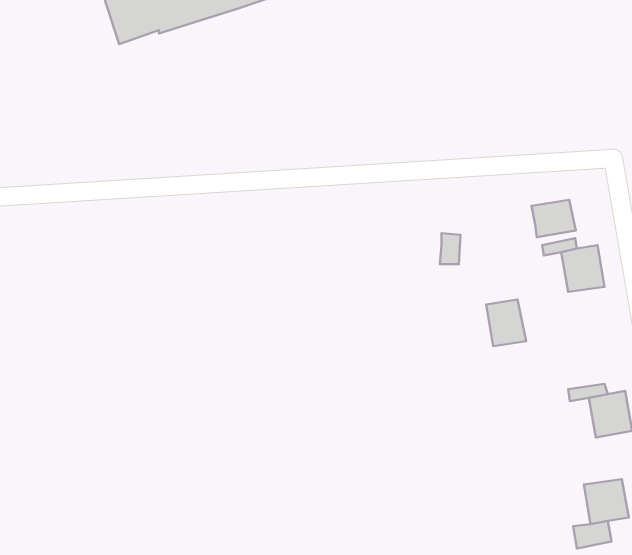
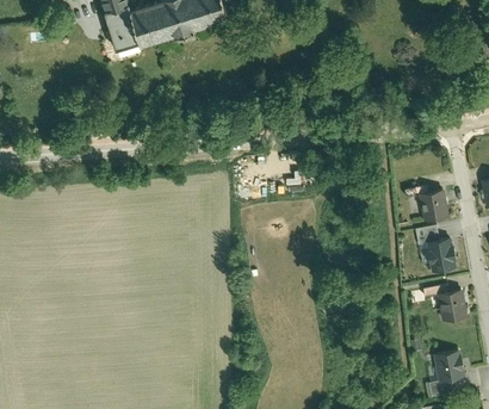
building: [532,200,576,237] -> none
building: [486,299,526,346] -> [429,238,457,271]

